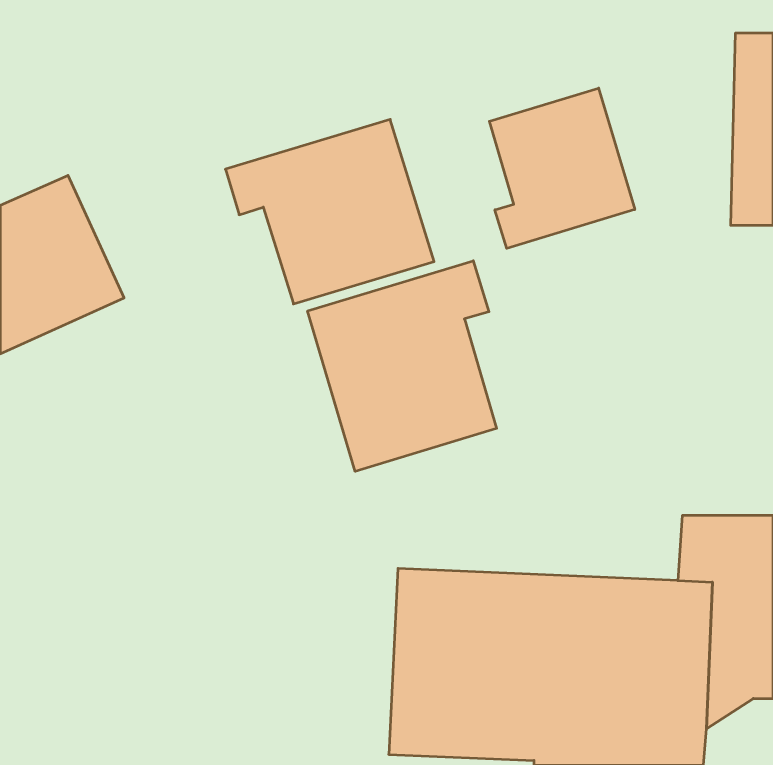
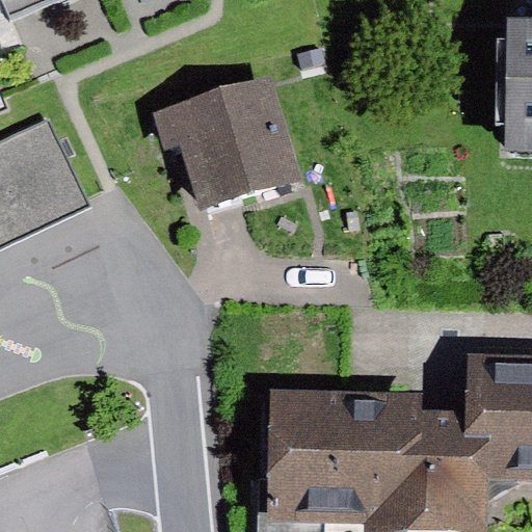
building: [489,88,635,248] -> none
building: [308,261,497,471] -> none

